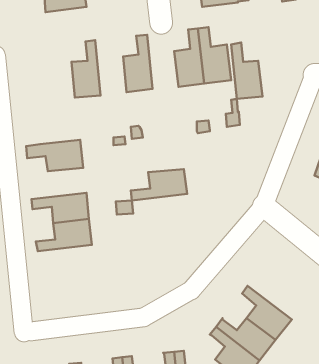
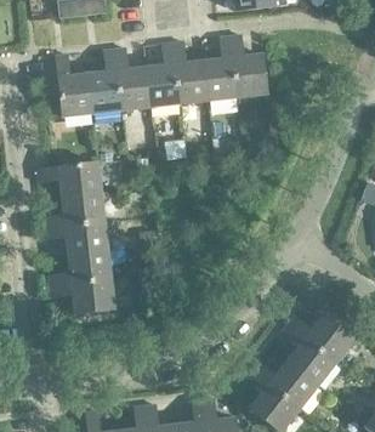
building: none -> [115,49,150,112]
building: [231,42,263,99] -> [174,41,209,104]
building: none -> [56,55,92,118]
building: [131,169,187,200] -> [42,193,106,228]
building: none -> [51,279,115,314]
building: none -> [286,314,353,363]

